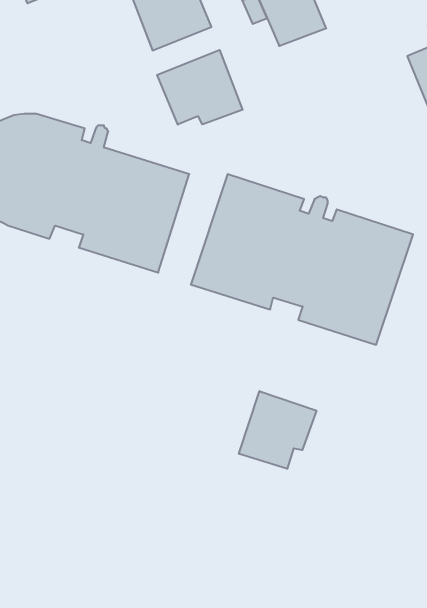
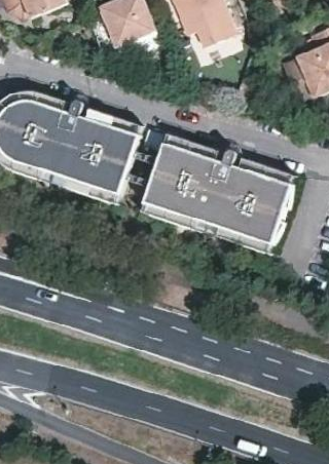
building: [157,50,243,125] -> none
building: [239,391,316,469] -> none

